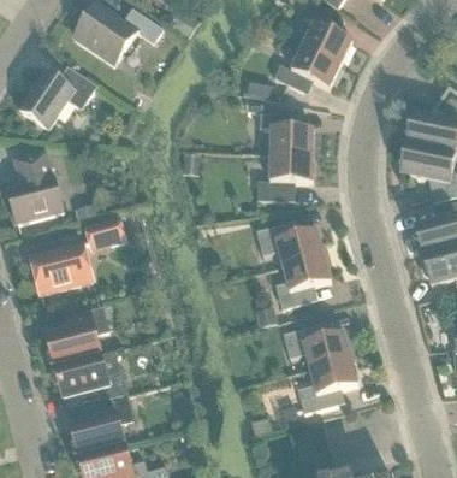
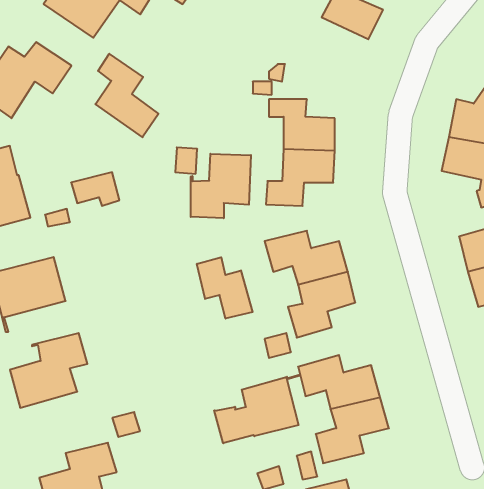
building: [273,46,340,90] -> none
building: none -> [95,54,158,137]
building: none -> [191,154,251,218]
building: [84,217,124,244] -> [71,172,119,206]
building: none -> [197,257,253,319]
building: none -> [214,374,300,443]
building: [54,350,126,405] -> none

